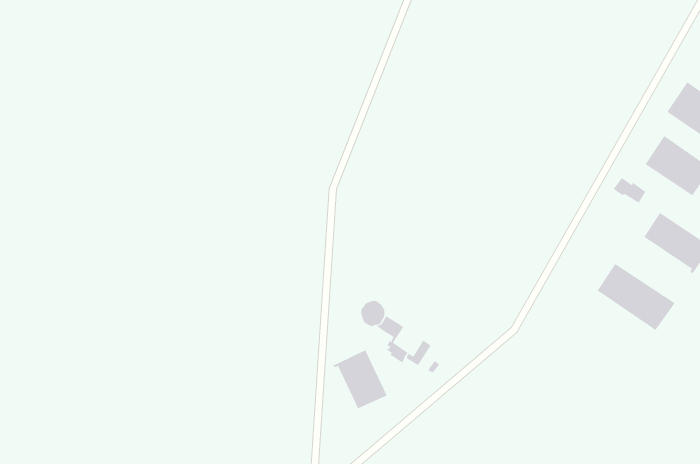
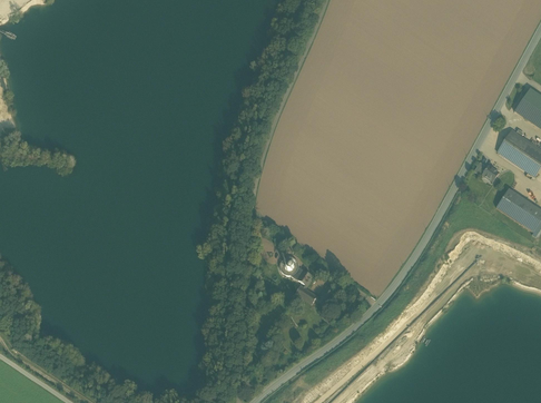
building: [597,263,676,331] -> none
building: [332,349,387,409] -> none

